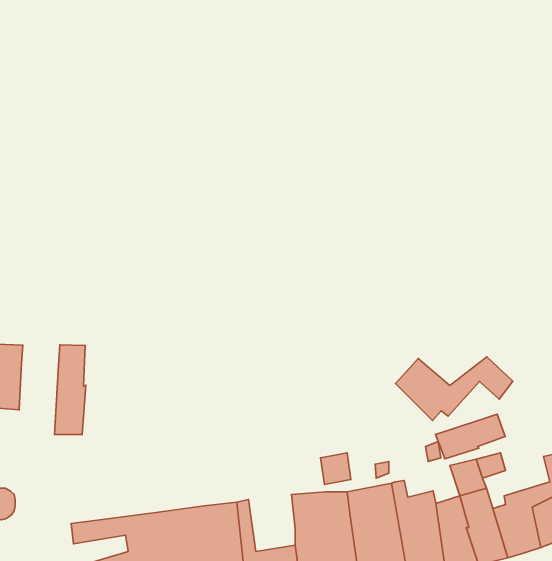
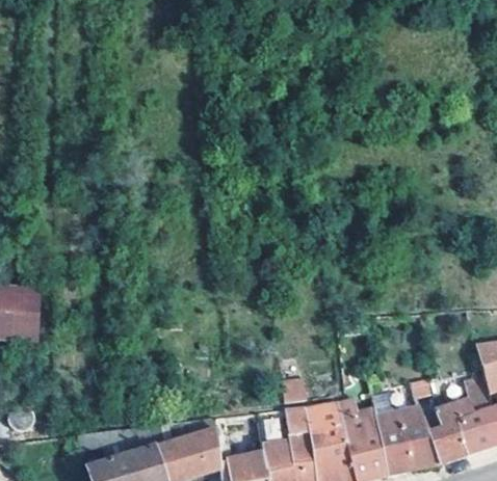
building: [54,345,86,435] -> none
building: [396,357,513,420] -> none
building: [436,414,505,459] -> none

